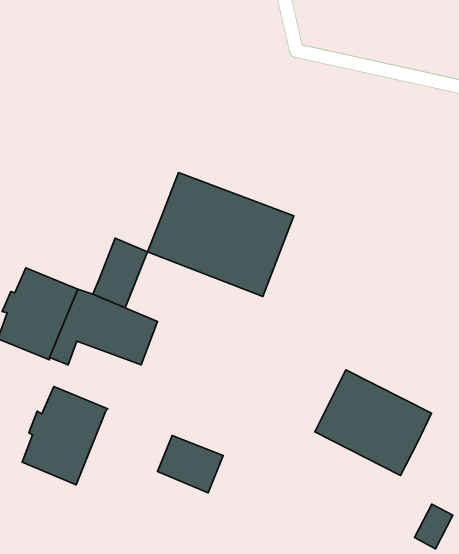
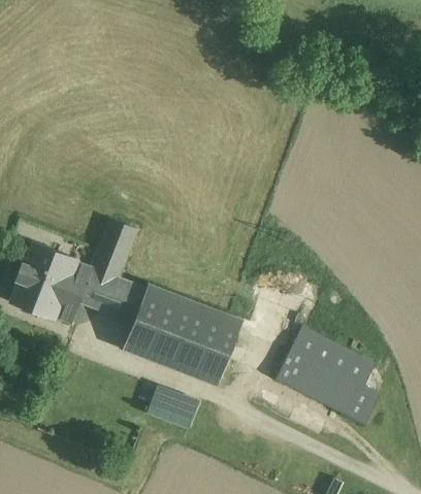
building: [147,172,294,297] -> [122,283,244,386]
building: [22,386,108,485] -> none
building: [414,504,453,549] -> [348,387,380,424]

